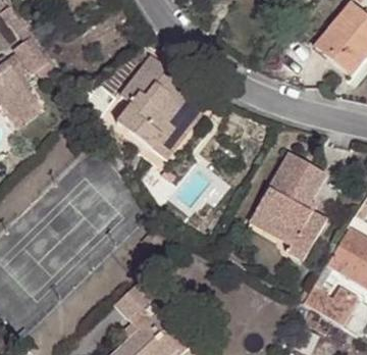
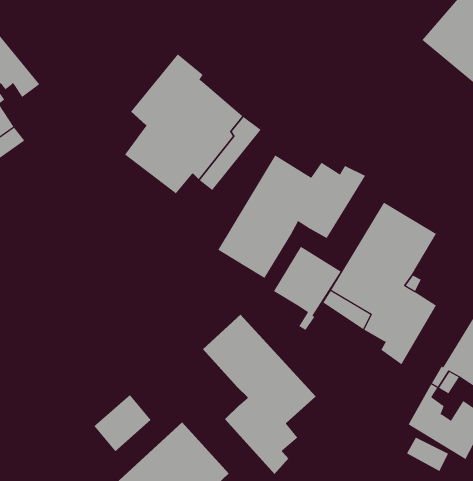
building: none -> [218,155,366,279]
building: none -> [273,246,342,331]
building: none -> [202,314,316,475]

